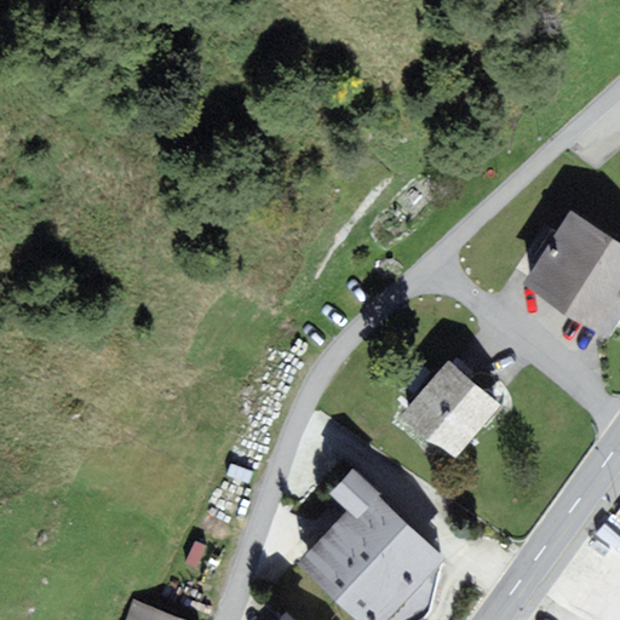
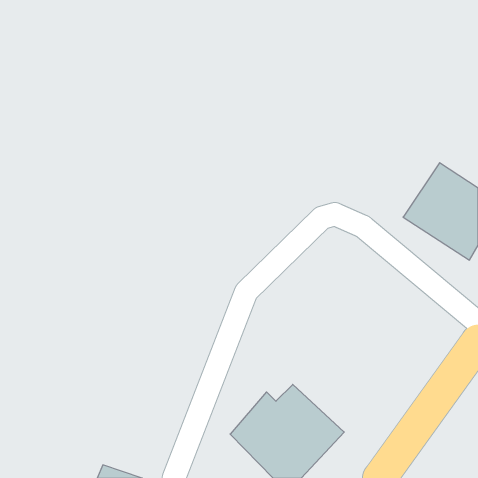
building: [401,361,501,463] -> none
building: [331,469,381,519] -> none

